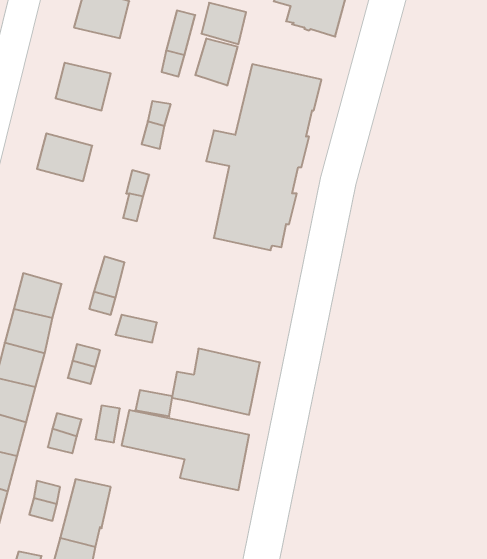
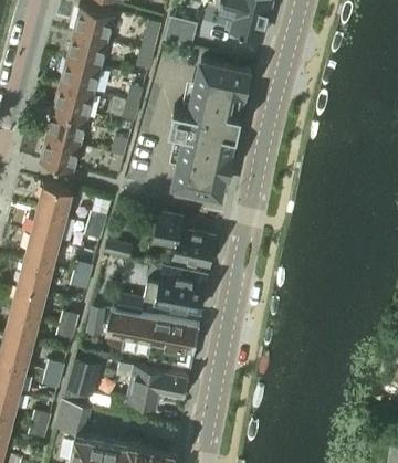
building: none -> [66,35,106,69]
building: [195,38,238,86] -> none
building: none -> [53,86,93,120]
building: none -> [40,137,80,172]
building: none -> [36,187,71,220]
building: none -> [151,212,214,266]
building: none -> [117,365,188,409]

